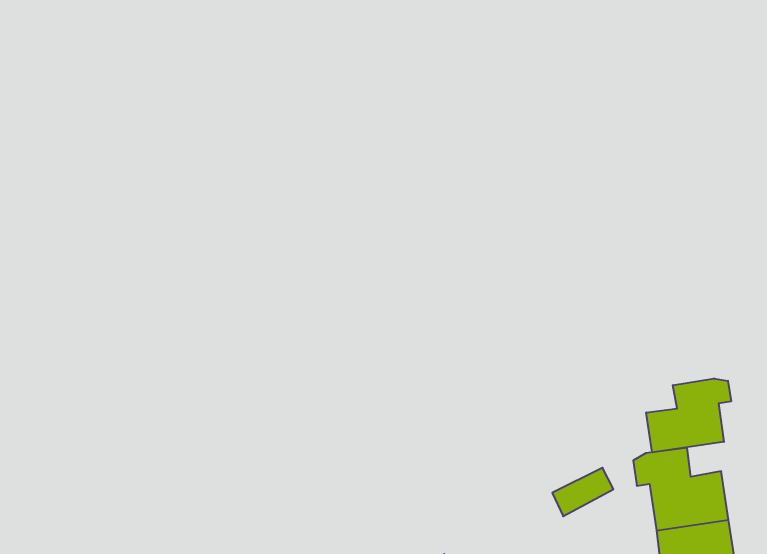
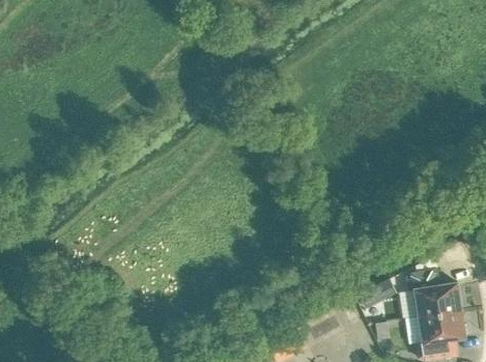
building: [646,378,731,452] -> none

